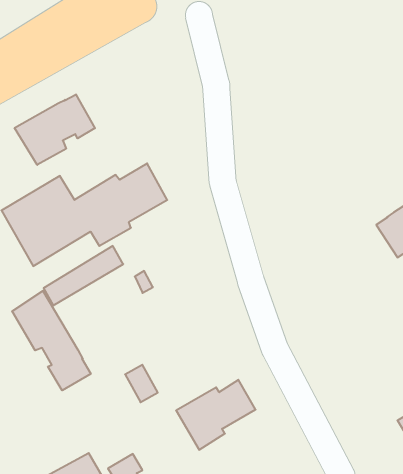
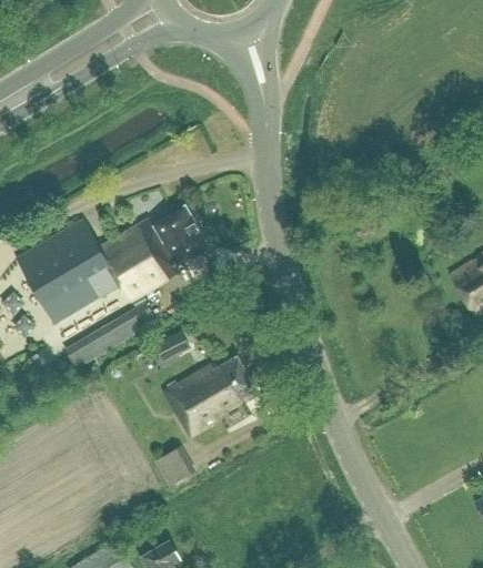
building: [15,94,95,165] -> none
building: [12,291,91,390] -> none
building: [176,380,256,450] -> [164,356,256,437]

